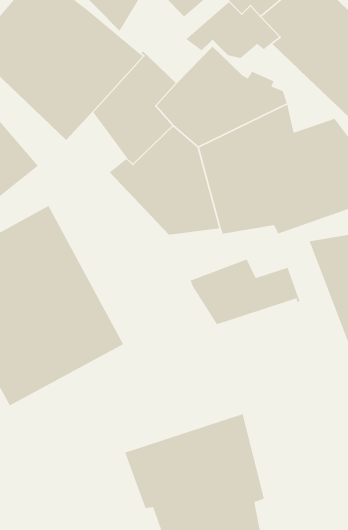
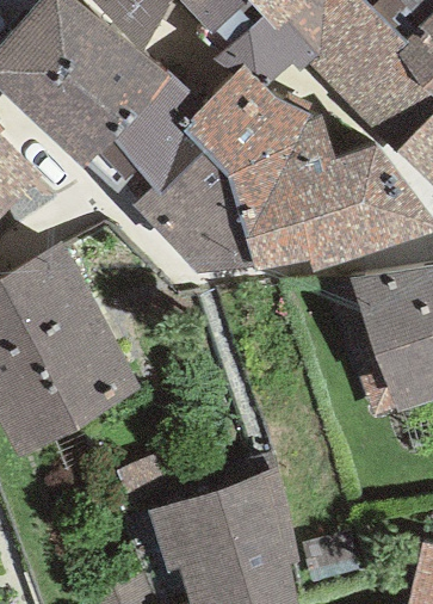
building: [190,258,301,325] -> none

